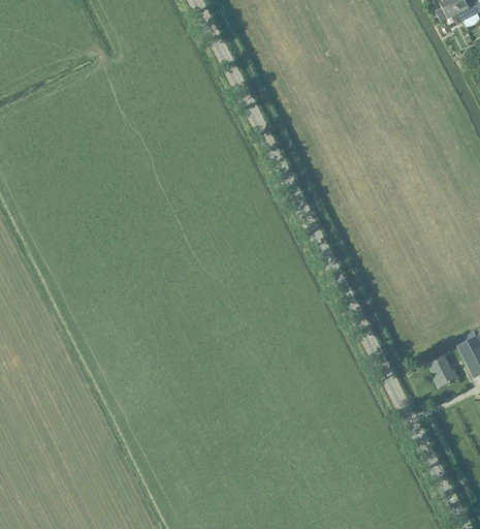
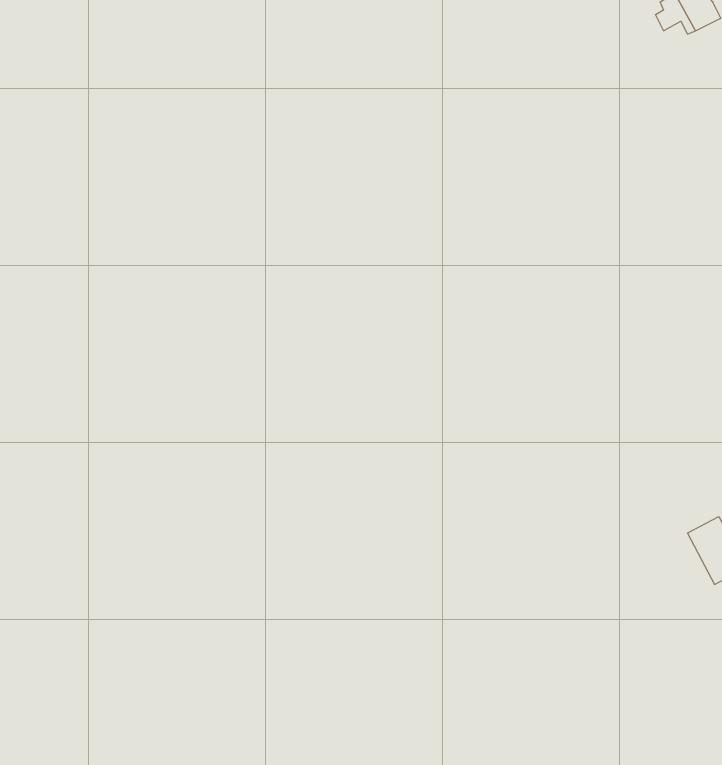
building: [428,353,457,385] -> none

